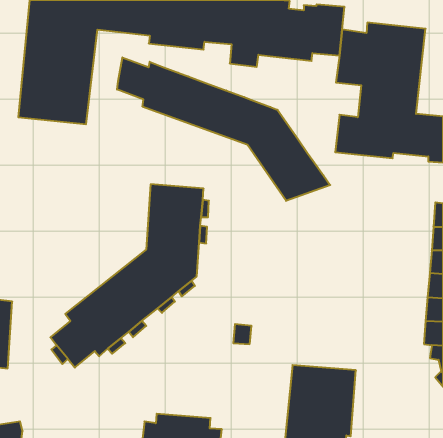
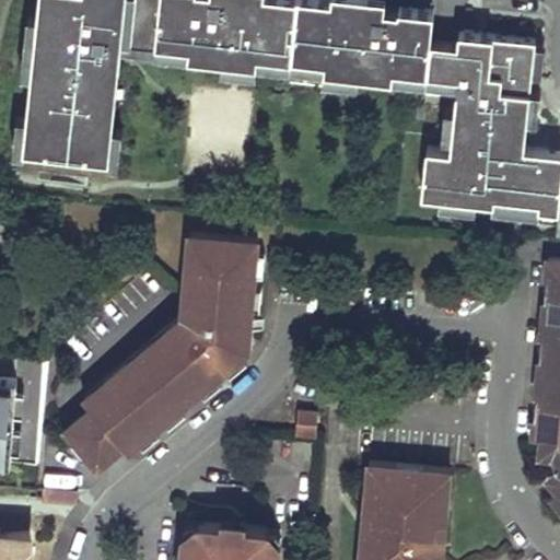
building: [117,57,330,201] -> none

